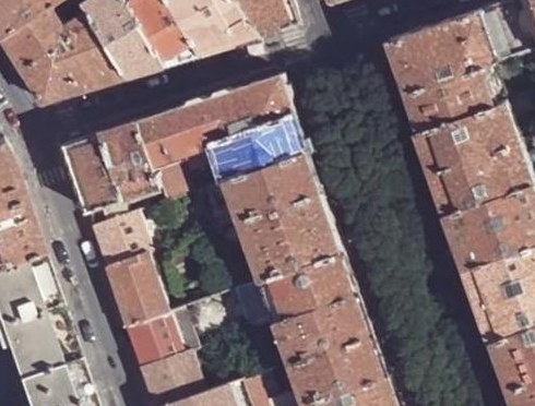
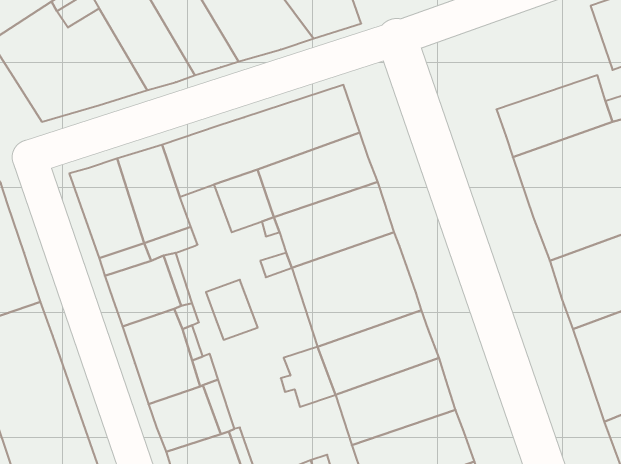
building: [385,11,496,94] -> none
building: [150,154,191,202] -> [206,280,258,340]

